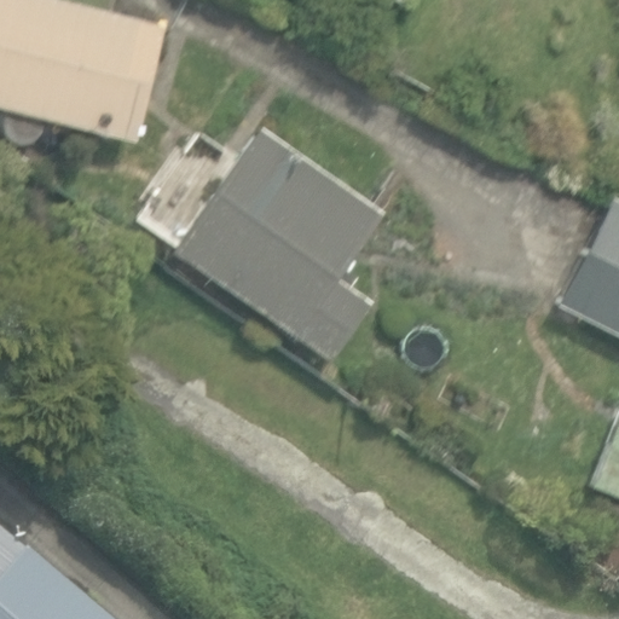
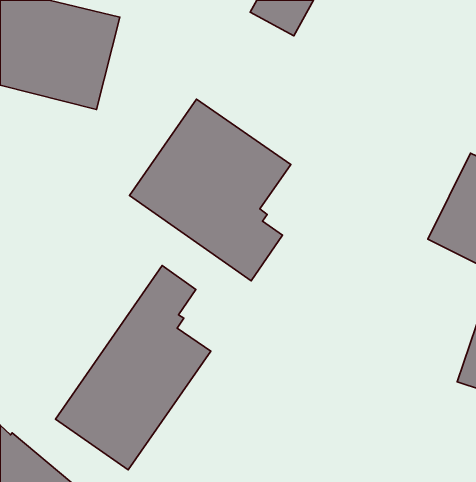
building: none -> [56,266,211,470]

